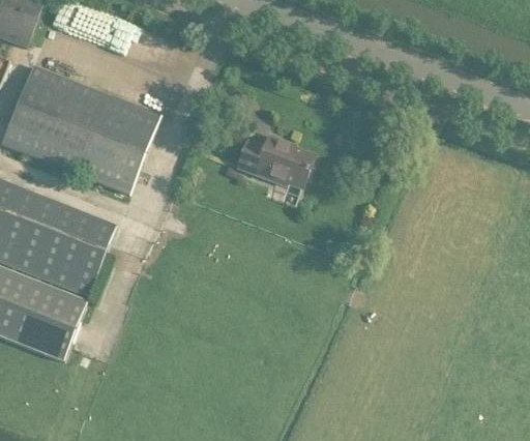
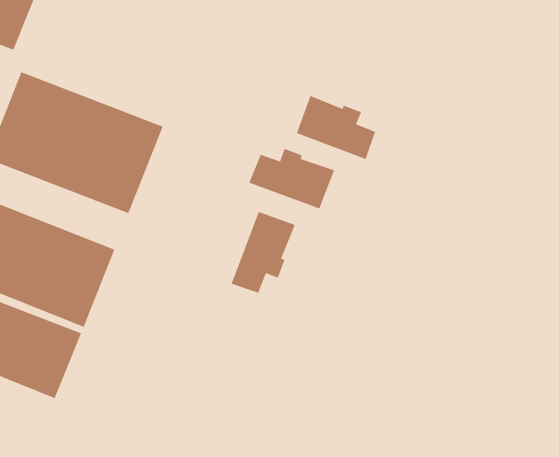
building: none -> [296,95,376,160]
building: none -> [231,211,295,294]

